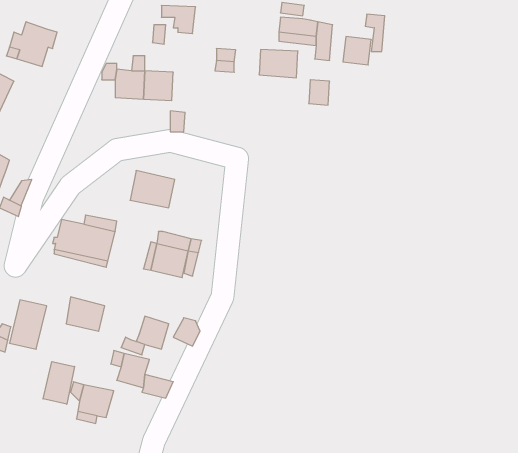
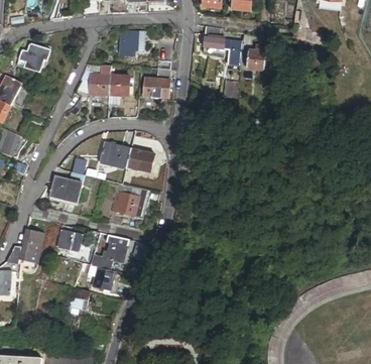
building: [259,50,298,78] -> [145,78,171,97]
building: none -> [127,148,155,172]
building: [43,362,75,404] -> none

